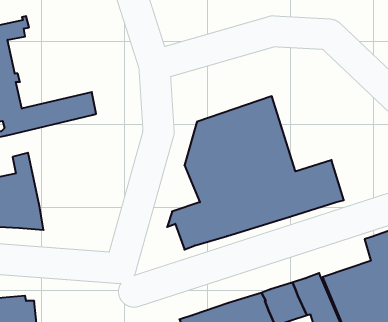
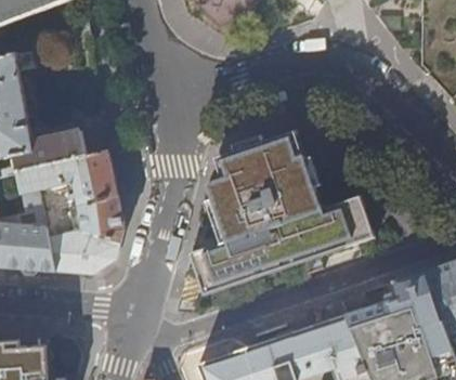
building: none -> [15,149,123,274]

